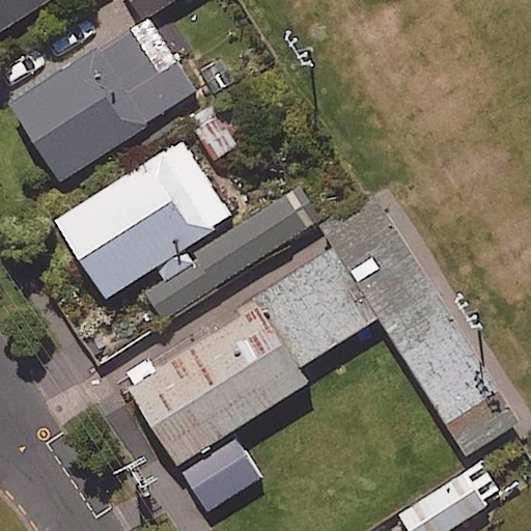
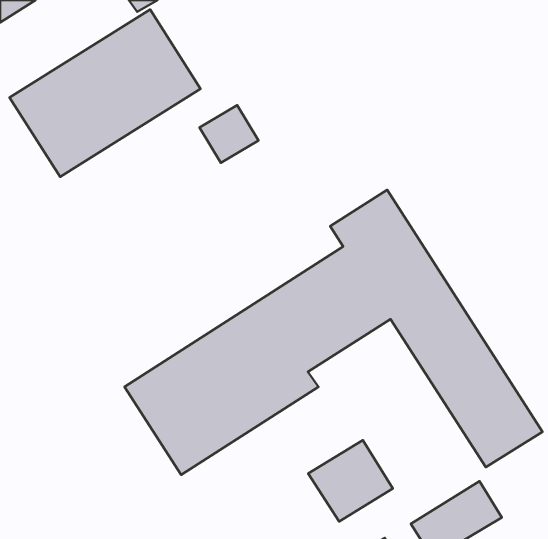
building: [55,140,319,324] -> none
building: [177,437,259,515] -> [308,440,393,522]

